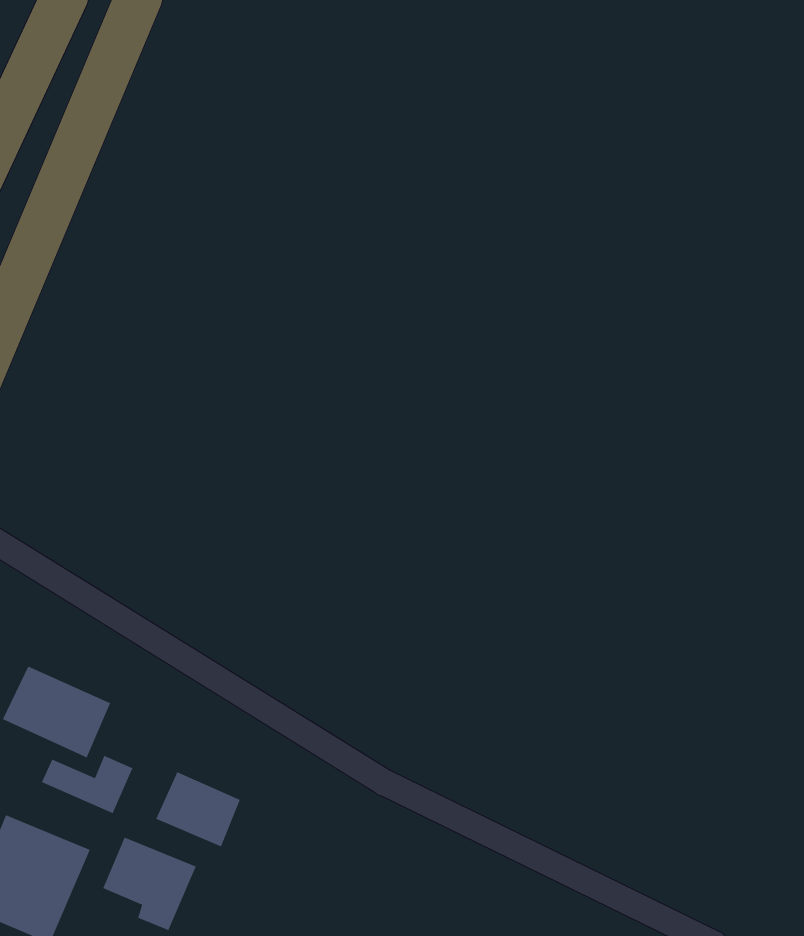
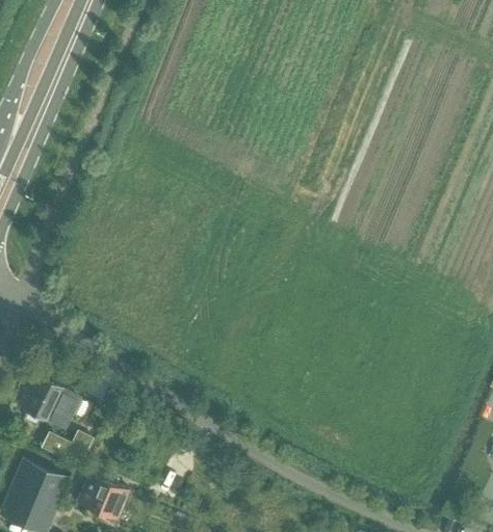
building: [155,771,241,848] -> none

